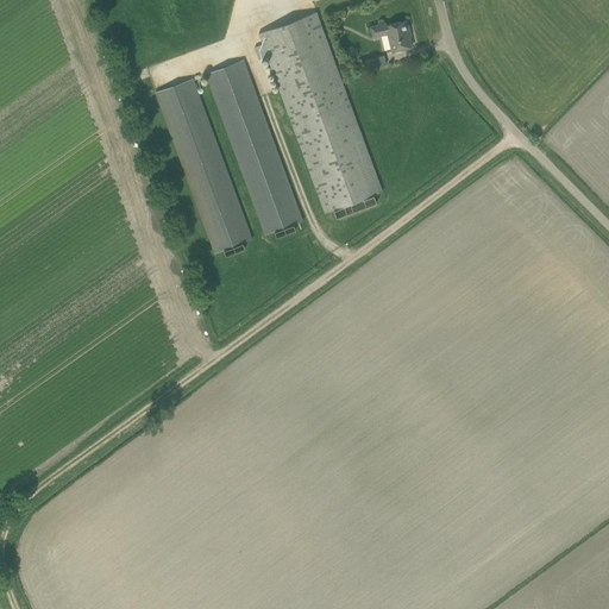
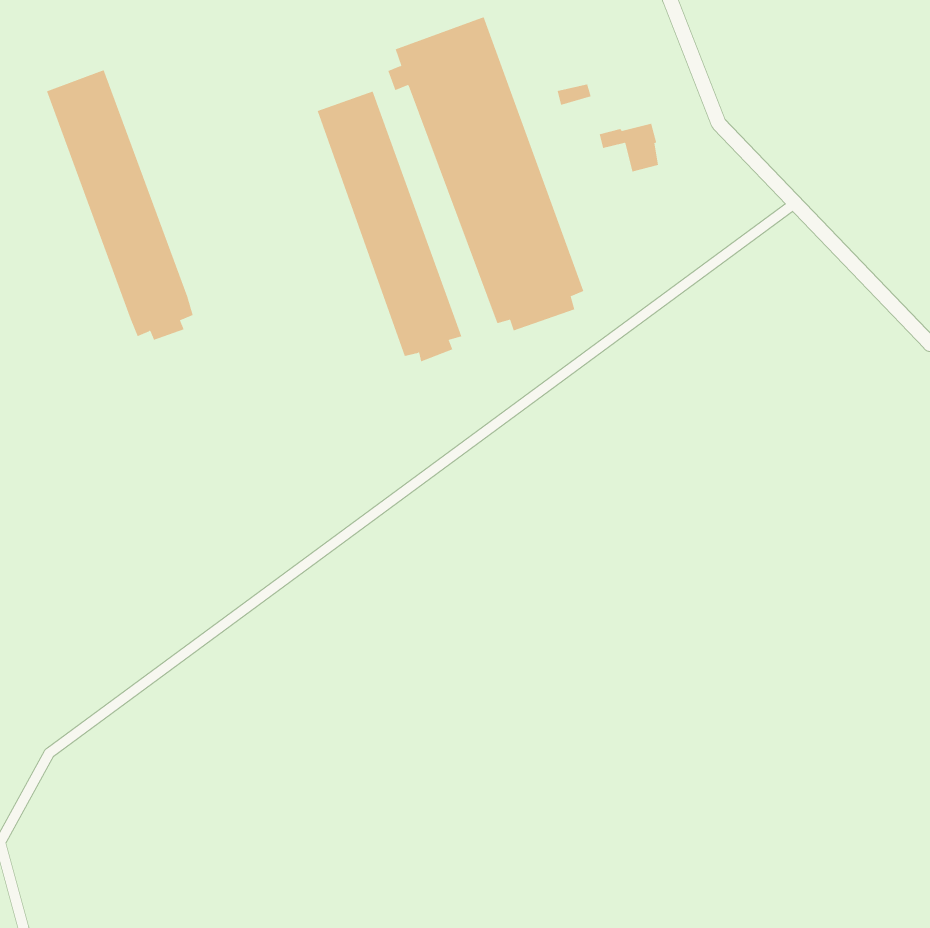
building: [371,19,410,51] -> [599,123,659,172]
building: [155,79,251,256] -> [46,69,193,341]

